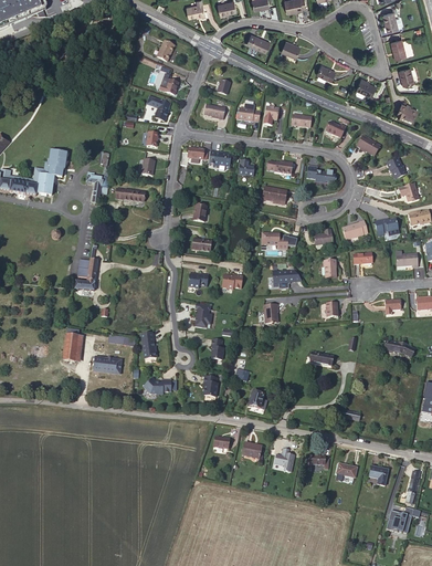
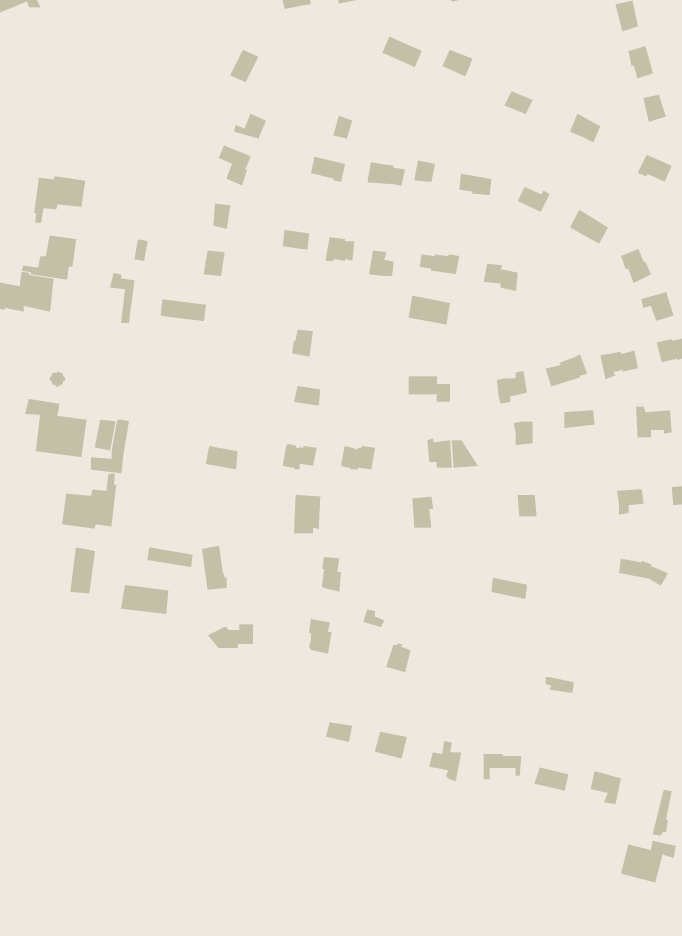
building: none -> [34,175,86,223]
building: none -> [25,398,87,458]
building: none -> [61,473,117,529]

